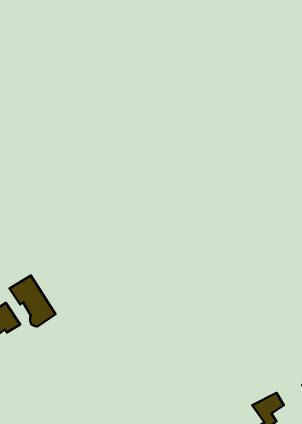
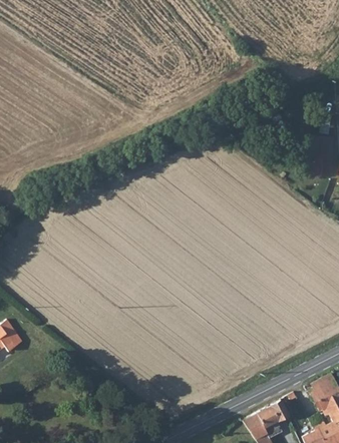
building: [9,275,56,326] -> none

